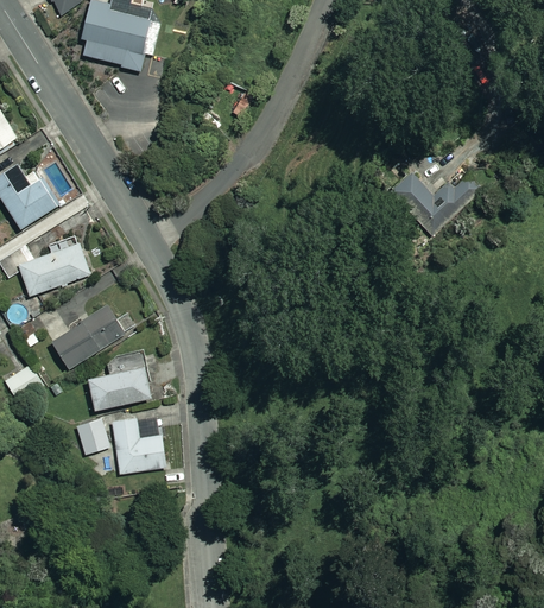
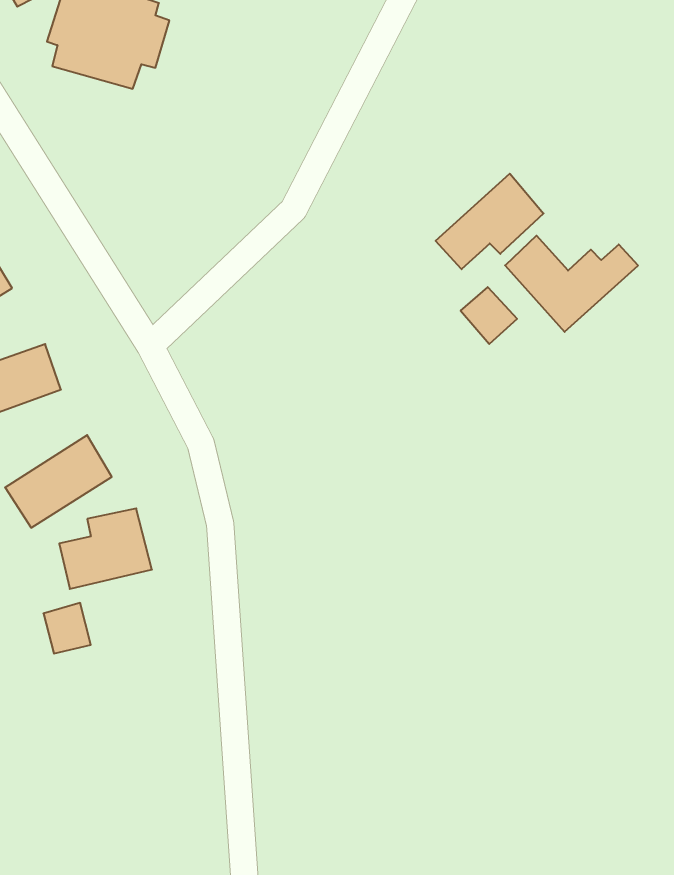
building: none -> [436,174,544,269]
building: none -> [461,287,517,344]
building: [112,414,166,474] -> none

